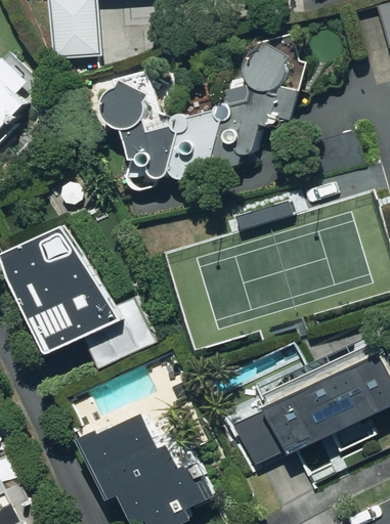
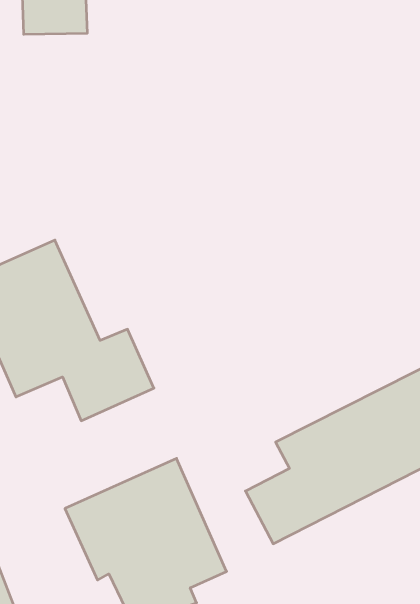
building: [102,47,296,181] -> none

